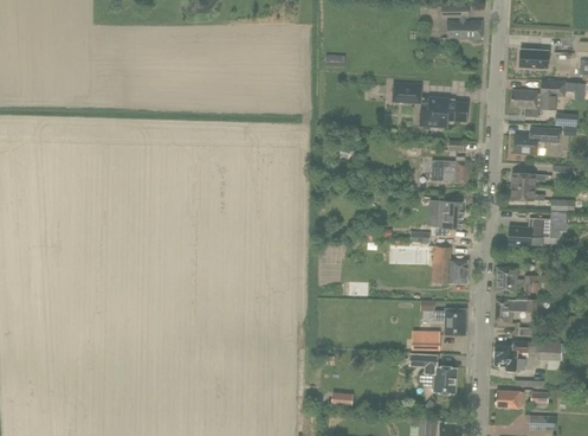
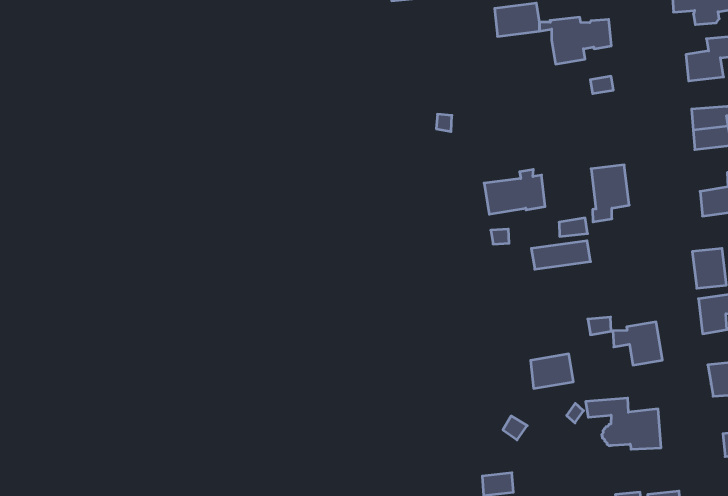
building: [431,155,470,181] -> [484,169,545,214]
building: [432,245,469,283] -> none
building: [412,331,439,350] -> [531,354,573,388]

